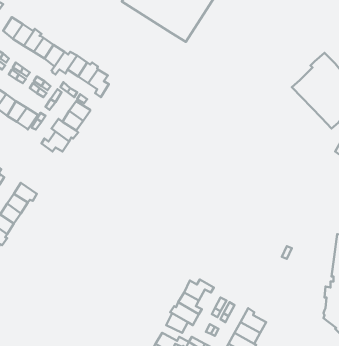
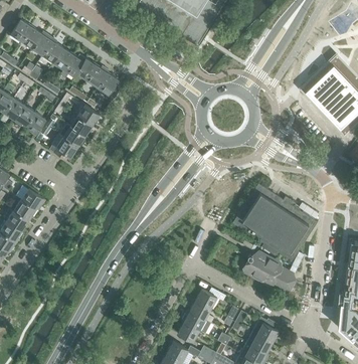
building: none -> [233,183,310,263]
building: none -> [241,253,300,295]

